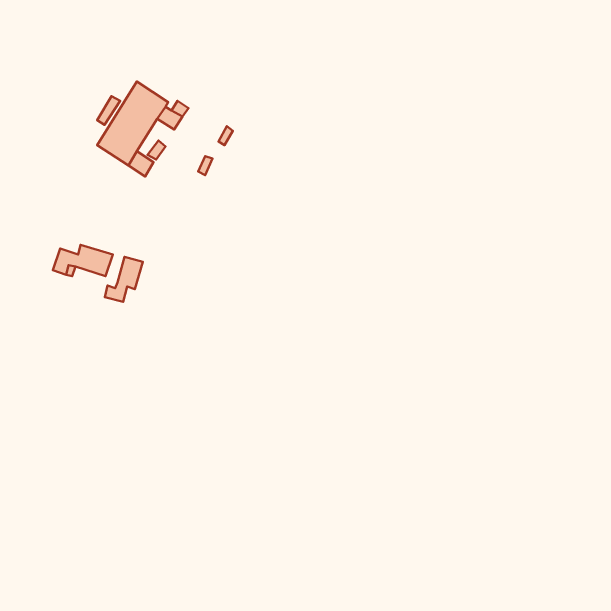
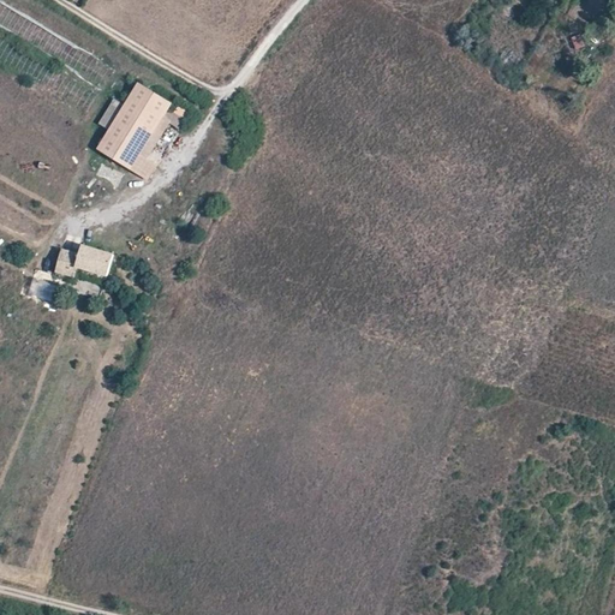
building: [105,257,143,302] -> none

